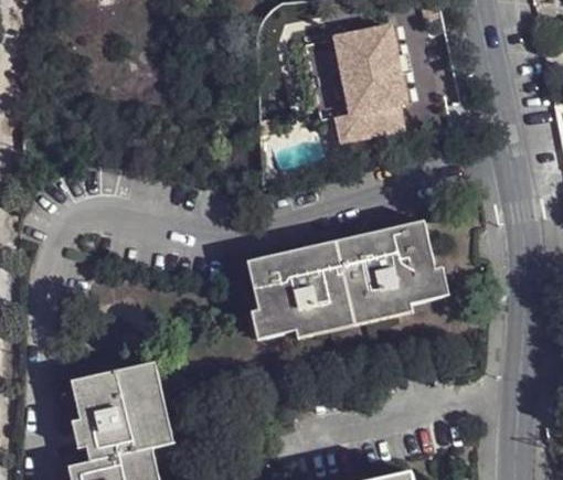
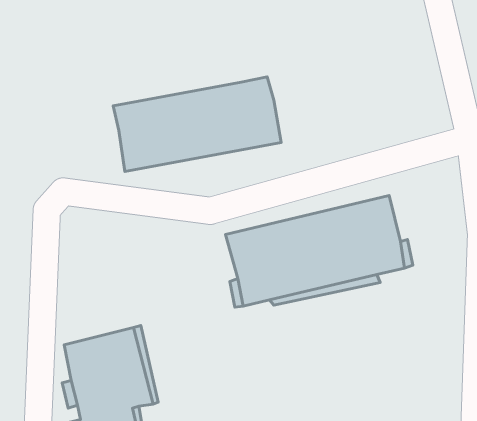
building: [308,25,407,138] -> none
building: none -> [113,77,281,171]

